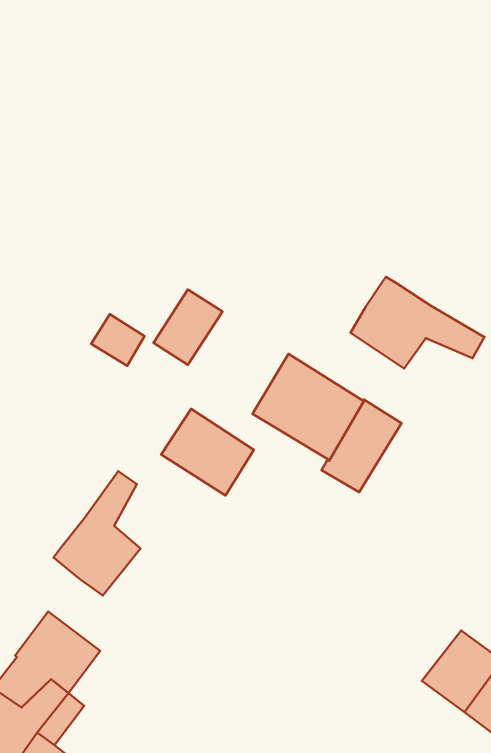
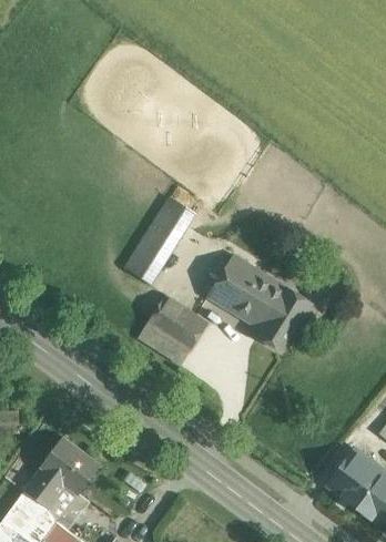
building: [350,277,485,368] -> none
building: [91,314,144,366] -> [123,247,161,284]
building: [54,471,140,596] -> none

